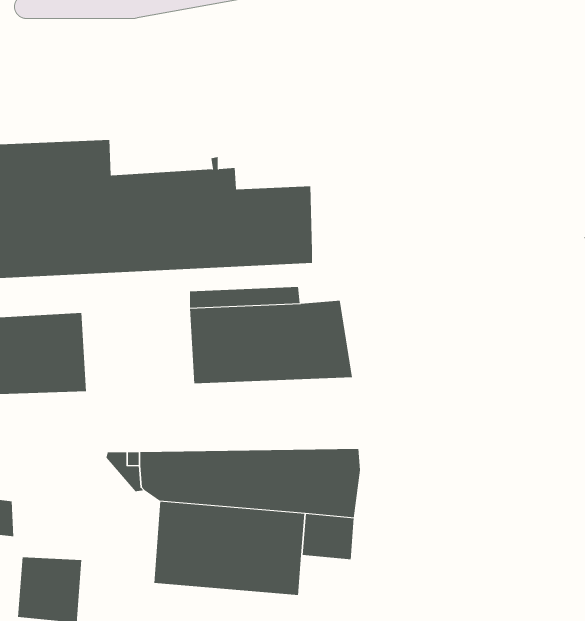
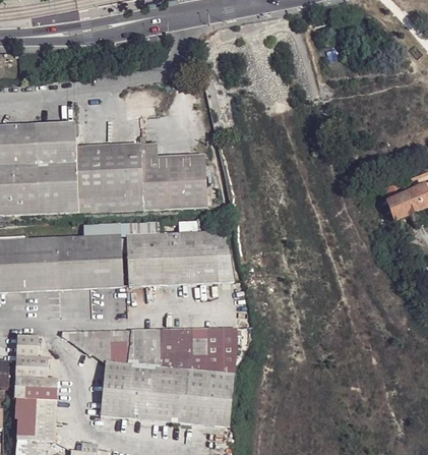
building: none -> [55,233,122,289]
building: none -> [15,336,57,400]
building: none -> [197,397,232,426]

